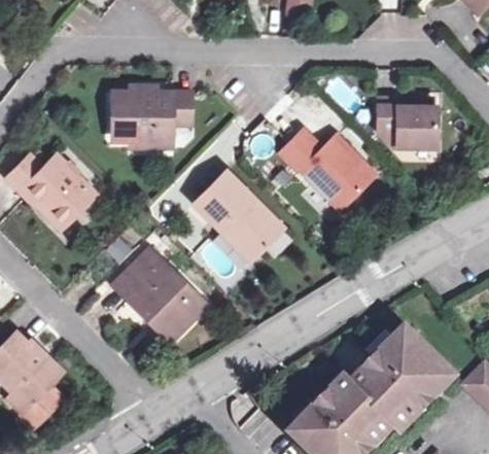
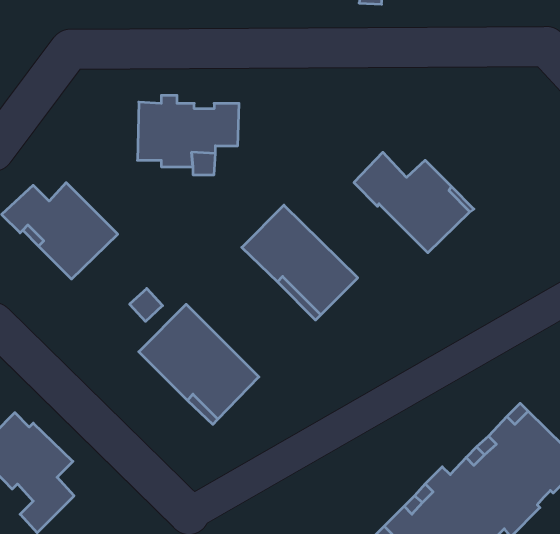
building: [377,98,435,147] -> none

